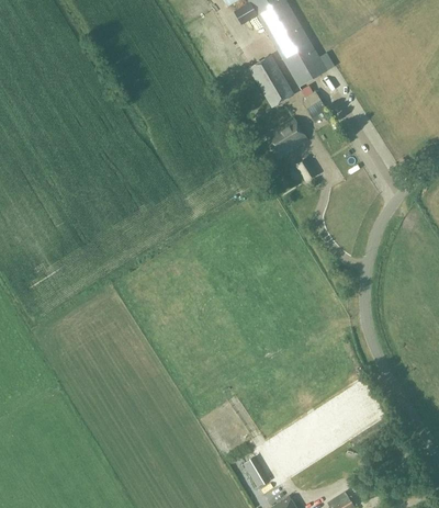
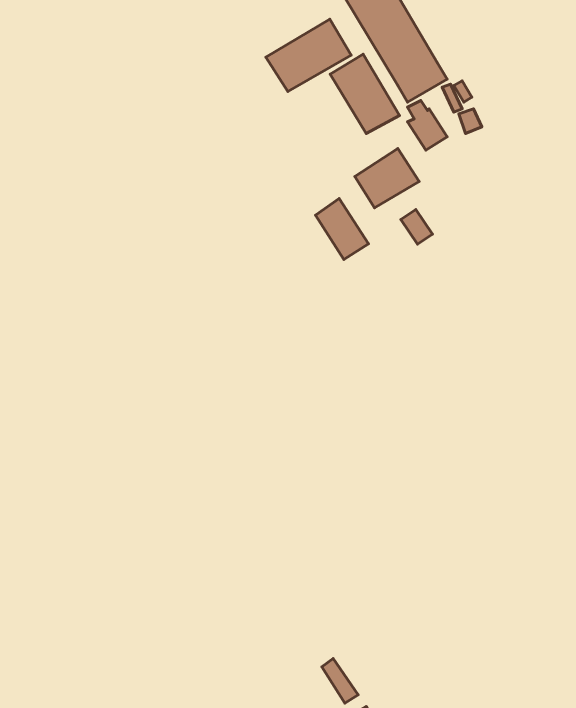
building: none -> [266,19,351,92]
building: none -> [316,199,369,260]

